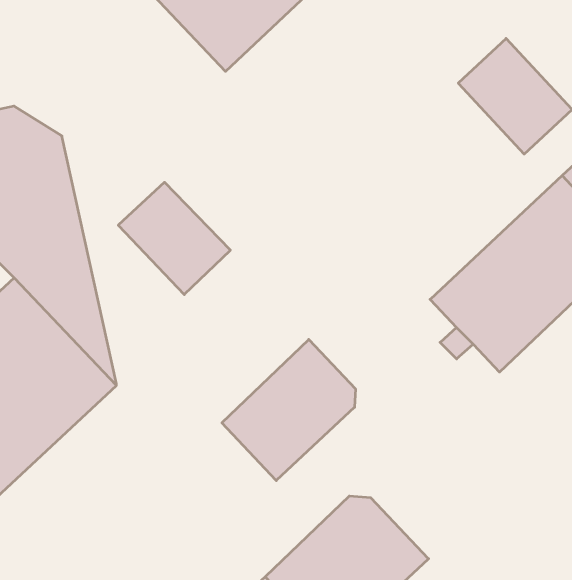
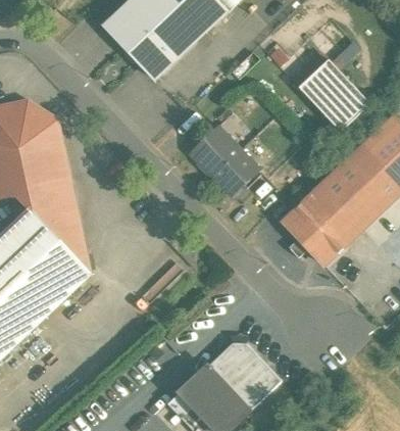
building: [118,182,230,295] -> [191,126,260,195]
building: [222,339,355,481] -> none

